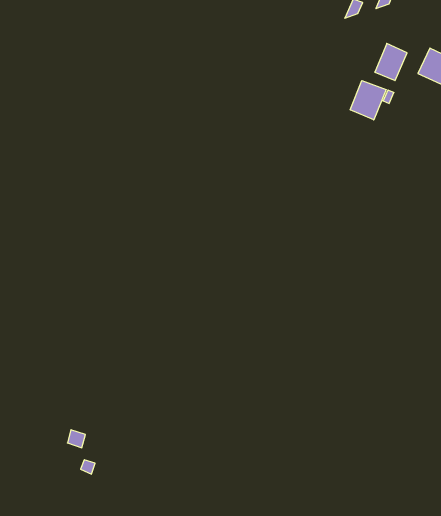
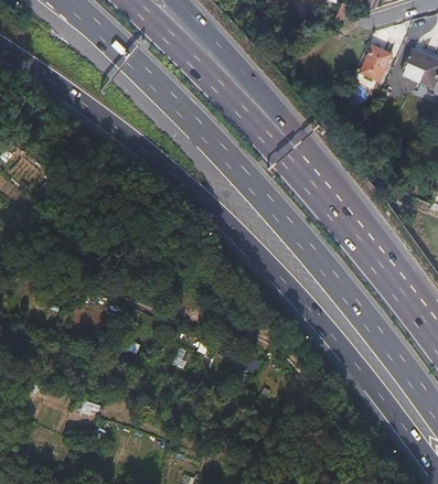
building: [350,81,386,120] -> none

